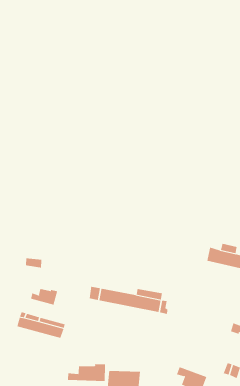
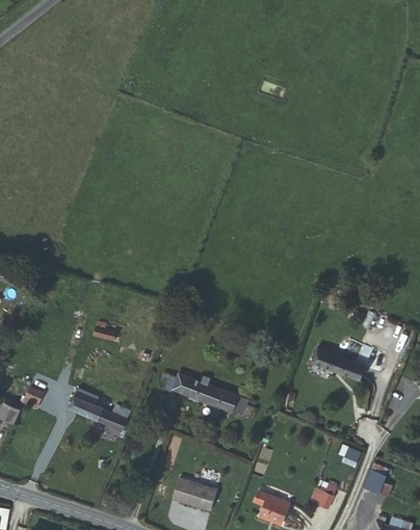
building: [30,288,58,306] -> none
building: [68,364,106,382] -> none

